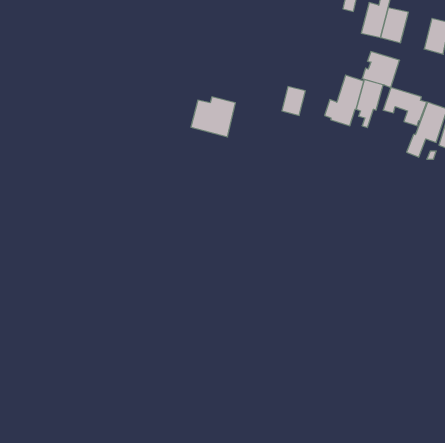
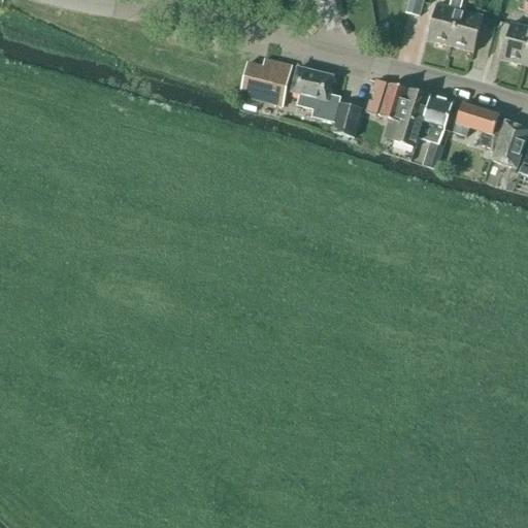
building: [362,52,400,87] -> [365,78,409,121]
building: none -> [292,66,333,108]
building: [191,97,235,137] -> [240,58,293,105]

